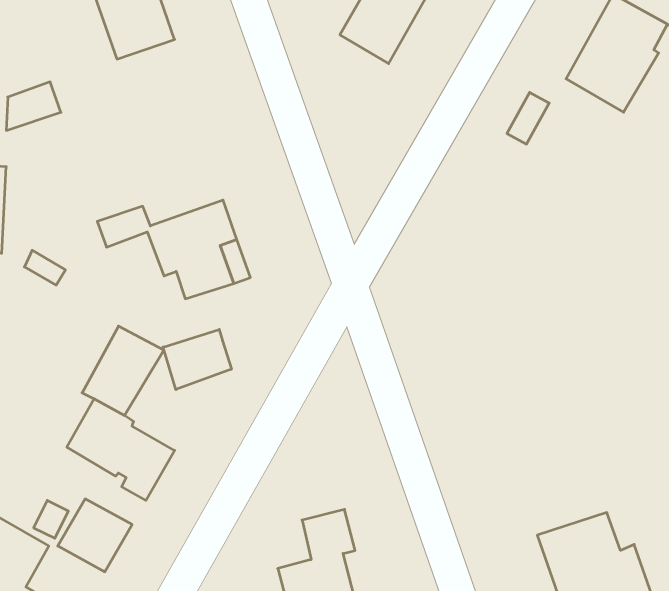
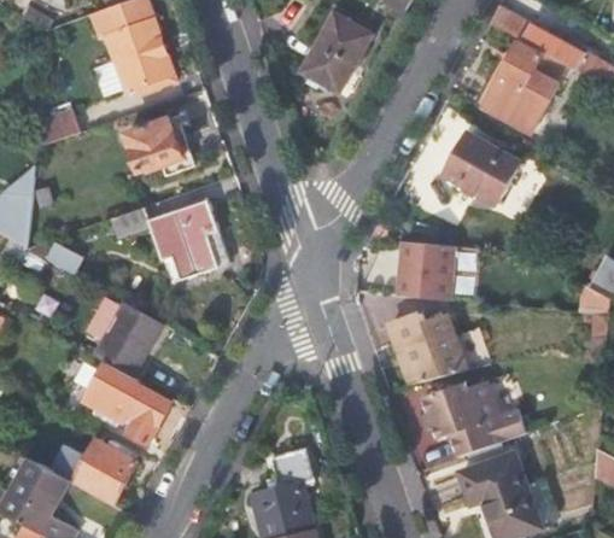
building: none -> [117,118,180,172]
building: none -> [445,134,517,201]
building: none -> [400,241,454,299]
building: [163,329,231,390] -> none
building: none -> [390,314,466,384]
building: none -> [421,382,510,458]

